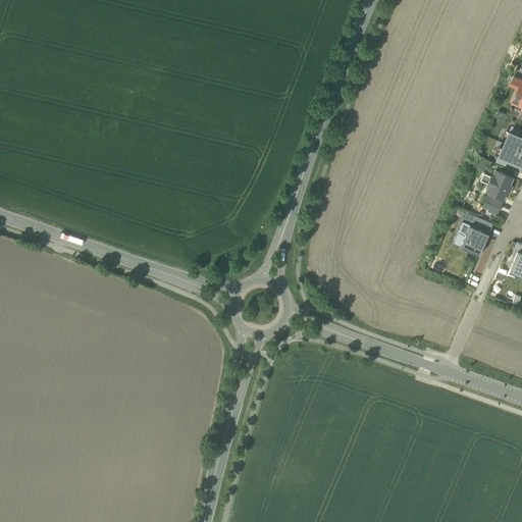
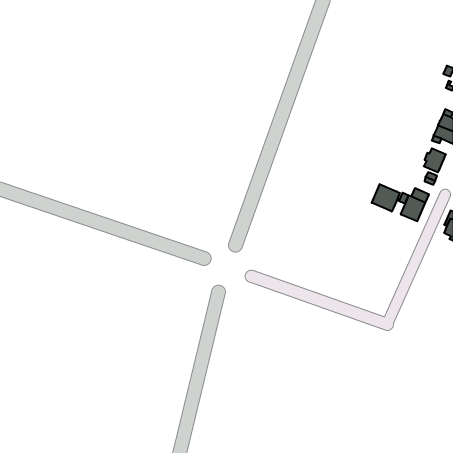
building: none -> [372,184,400,212]

